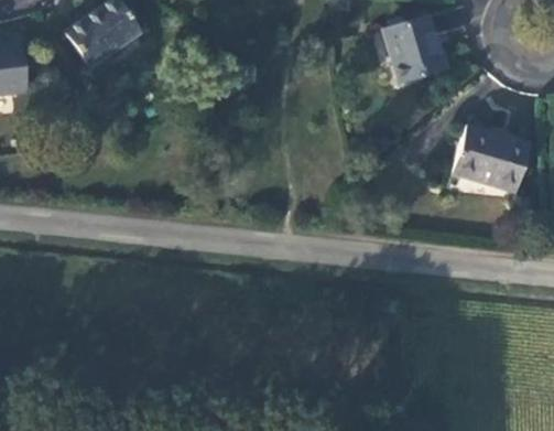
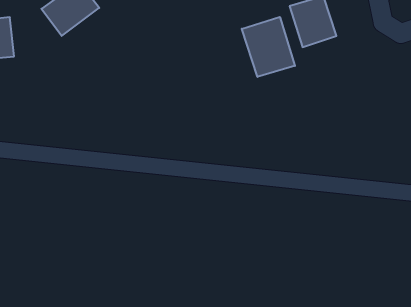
building: none -> [242,17,295,77]
building: [453,126,530,192] -> none

